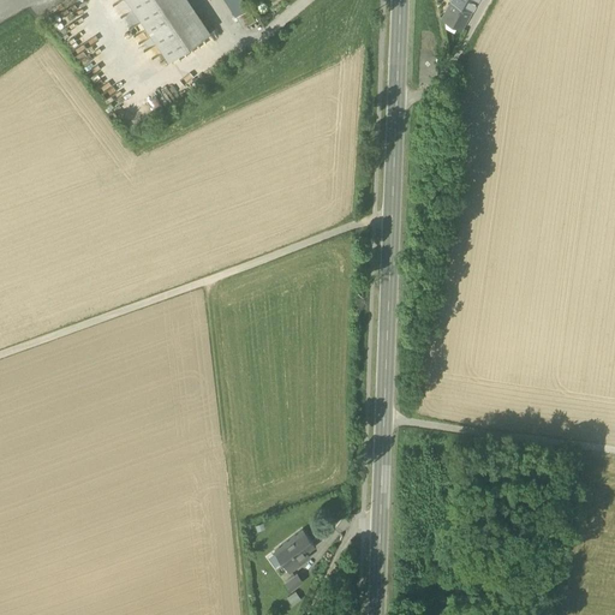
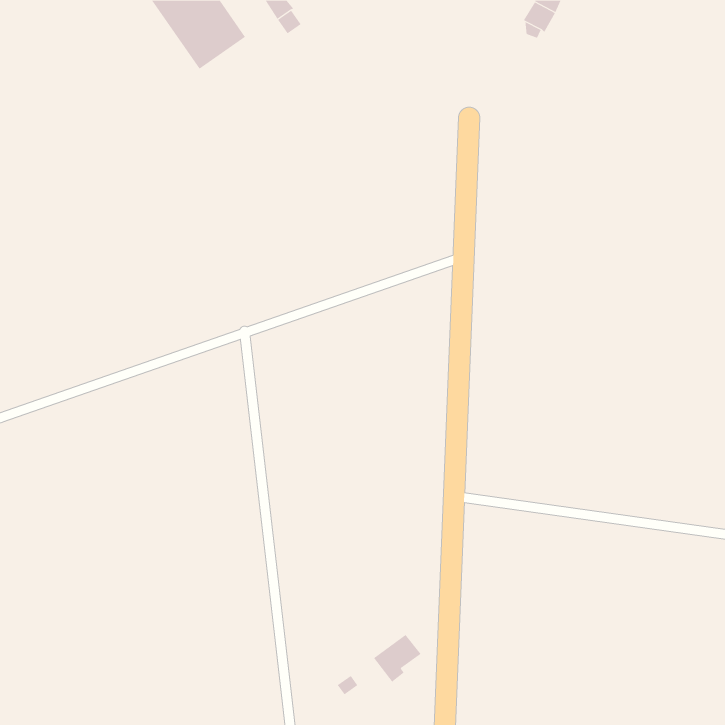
building: [275,529,316,569] -> [373,634,422,682]

